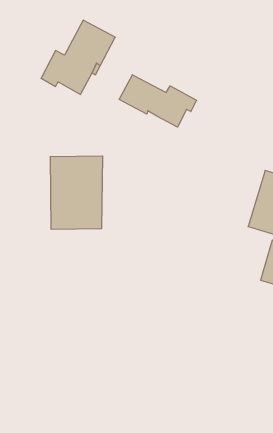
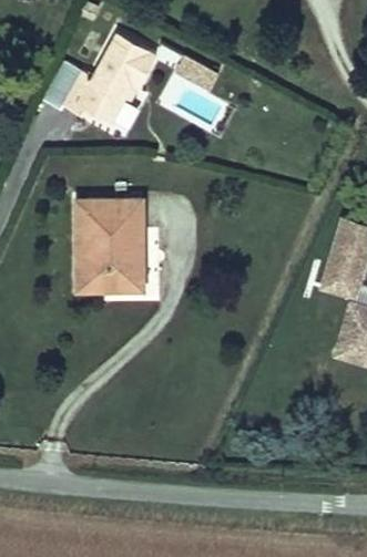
building: [119,75,197,127] -> none

